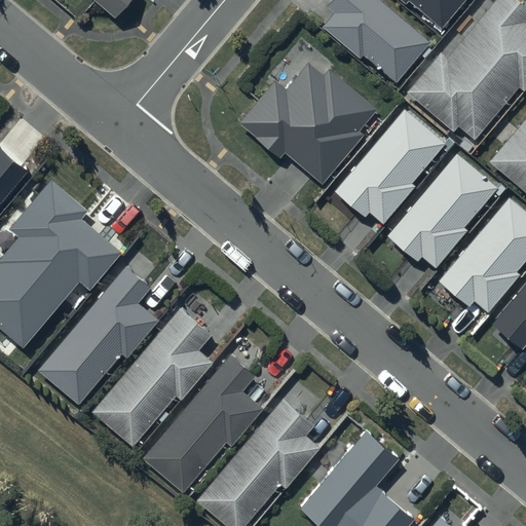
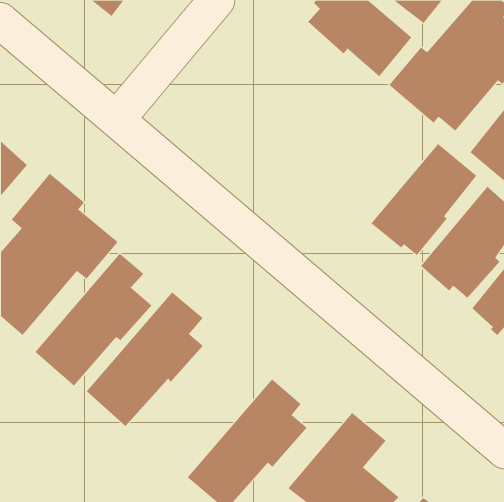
building: [239,66,379,187] -> none
building: [330,106,445,225] -> none
building: [142,353,262,493] -> none

